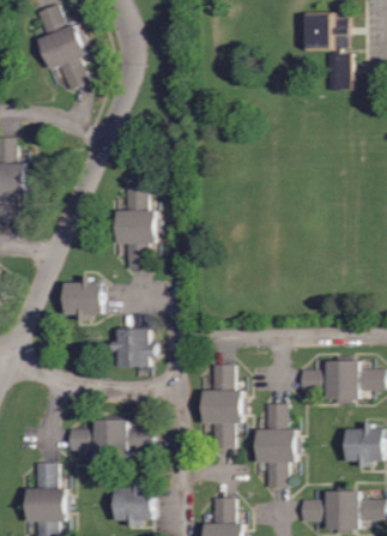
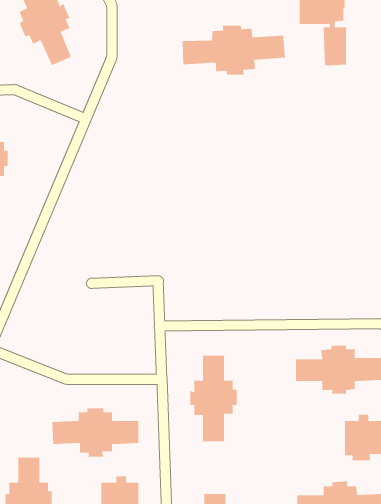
building: none -> [182,25,286,76]
building: [114,185,159,267] -> none
building: [64,276,101,319] -> none
building: [111,329,155,367] -> none
building: [254,404,301,488] -> none

